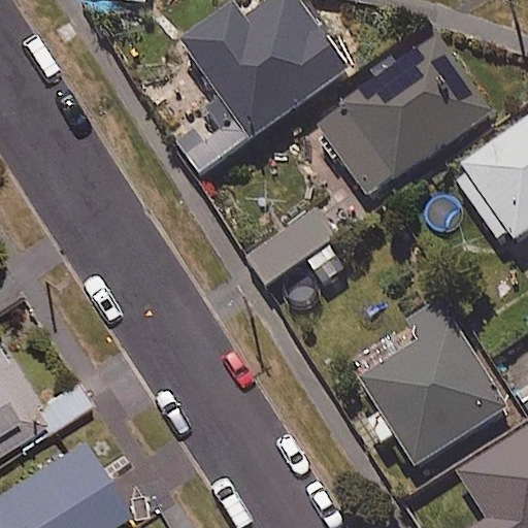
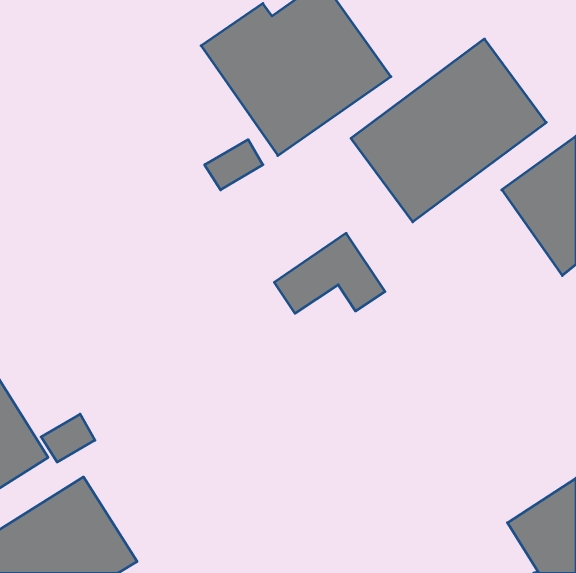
building: [362,298,509,467] -> none

